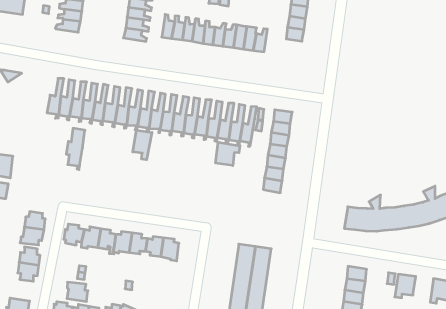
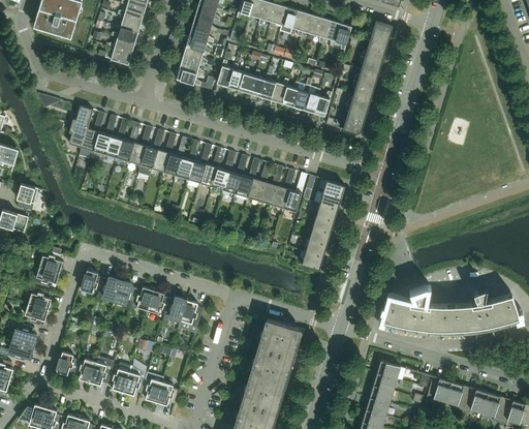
building: none -> [343,105,367,133]
building: [66,128,85,170] -> [69,105,93,151]
building: [133,130,152,160] -> none
building: [216,142,240,166] -> none
building: none -> [445,381,470,411]
building: [67,282,88,301] -> [12,323,36,346]

